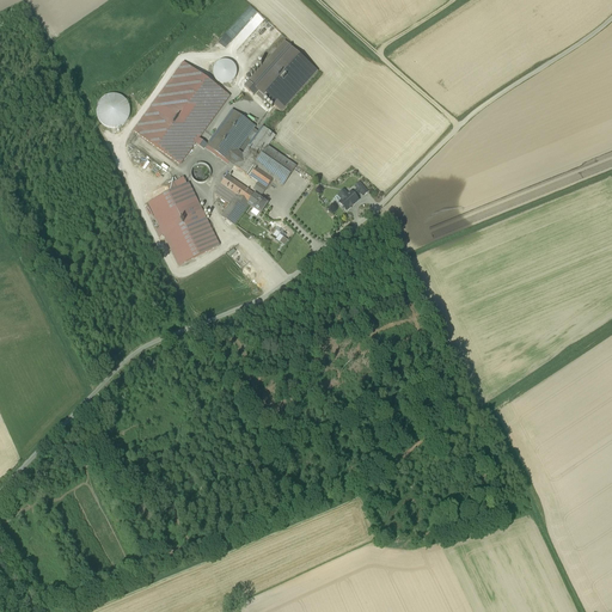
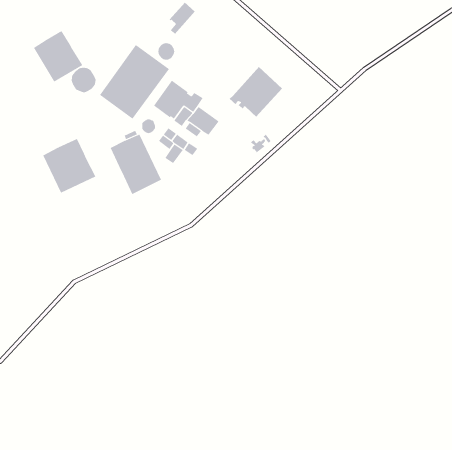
building: [244,39,317,109] -> [229,66,283,118]
building: none -> [33,30,83,83]
building: none -> [42,138,96,193]

